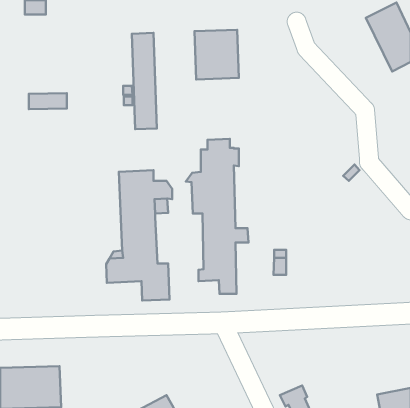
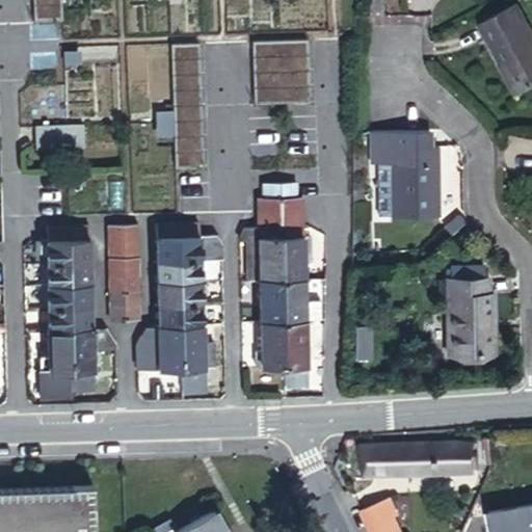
building: none -> [377,134,442,219]
building: none -> [113,224,139,322]
building: none -> [37,227,117,400]
building: none -> [448,267,496,357]
building: none -> [366,448,472,475]

